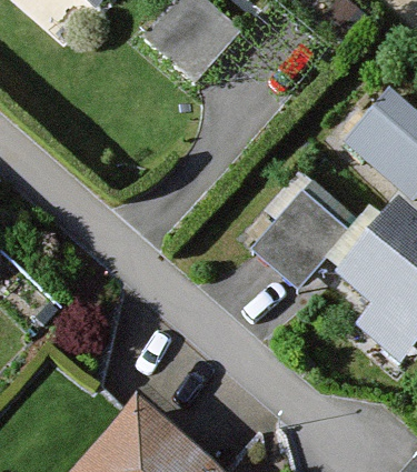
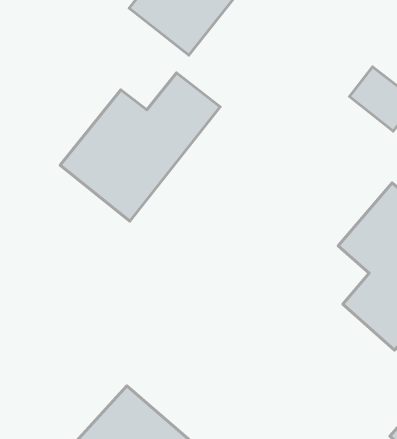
building: none -> [60,73,220,221]
building: [251,185,349,288] -> none

